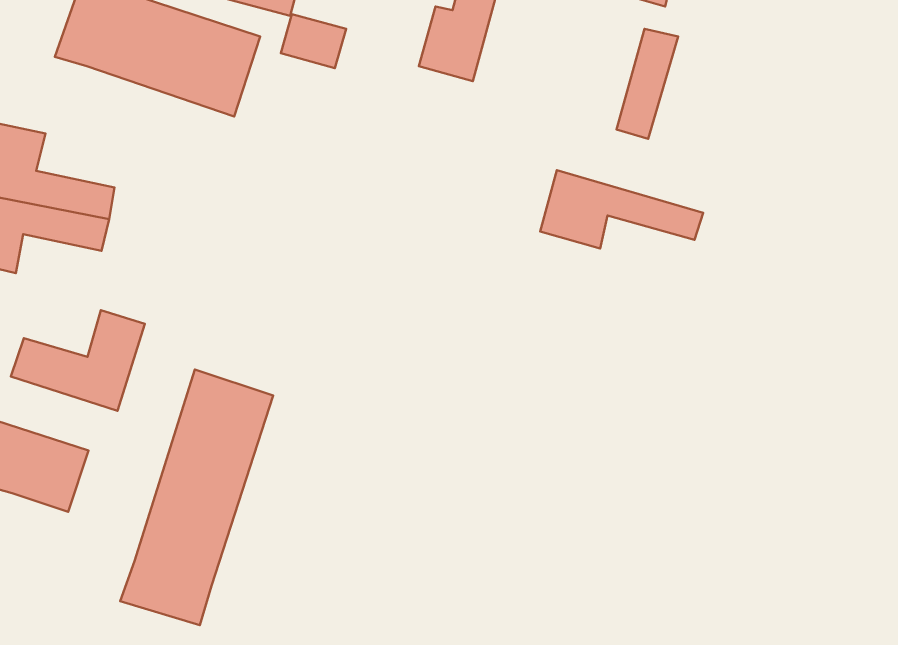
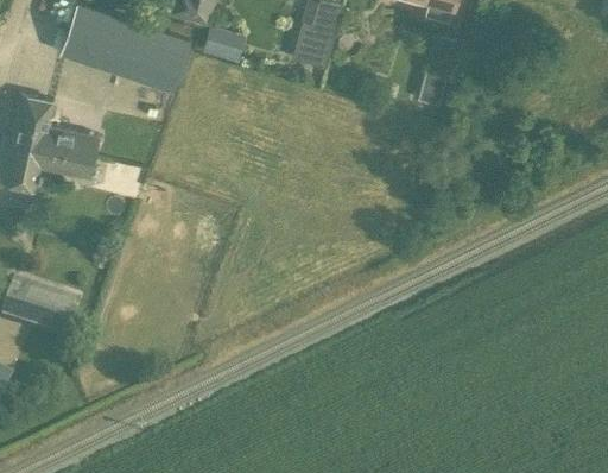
building: [540,170,703,249] -> none
building: [11,310,145,411] -> none
building: [120,370,273,625] -> none

